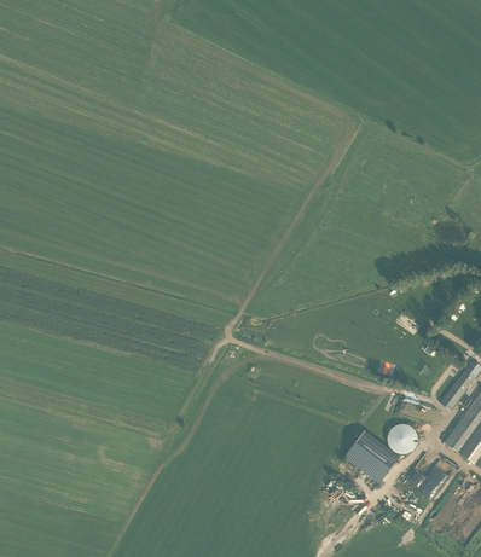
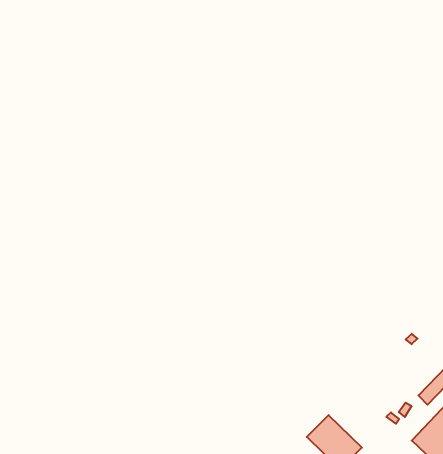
building: [388,424,417,454] -> none

